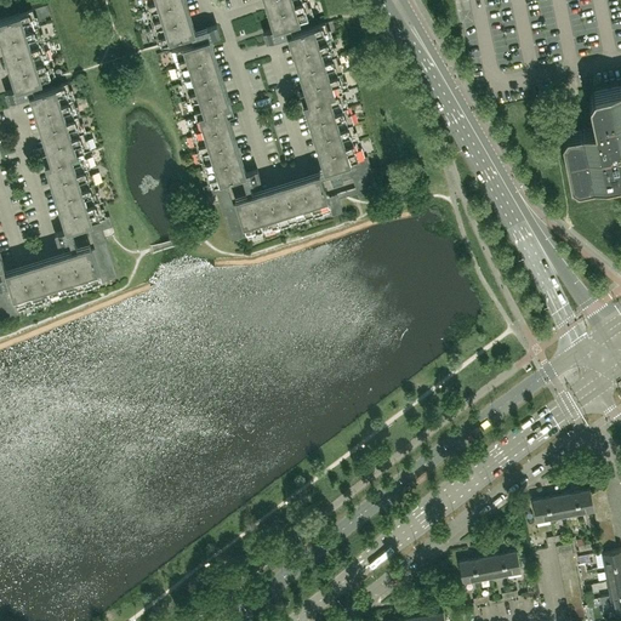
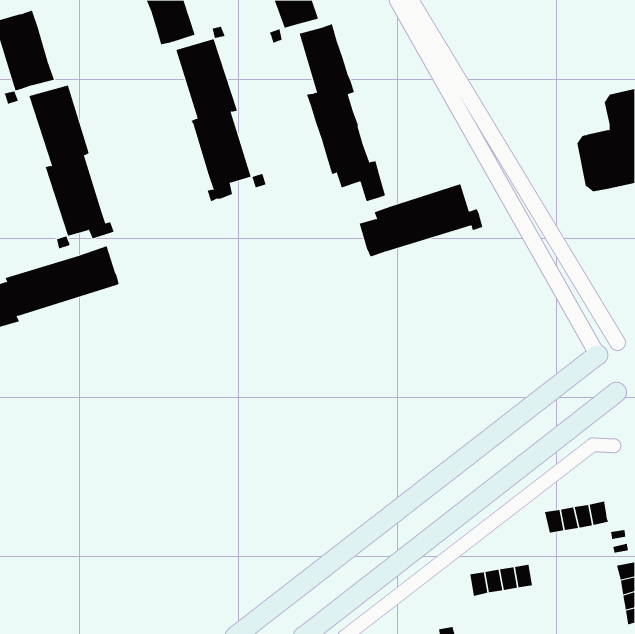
building: [220,172,341,244] -> [359,184,483,257]

